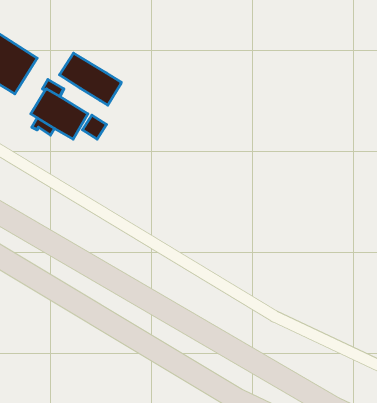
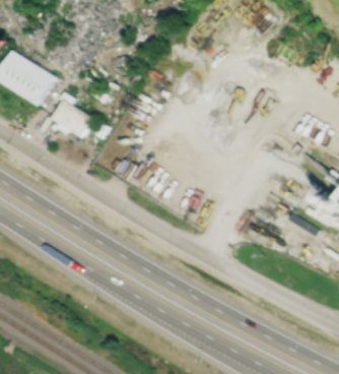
building: [59,53,121,105] -> none

